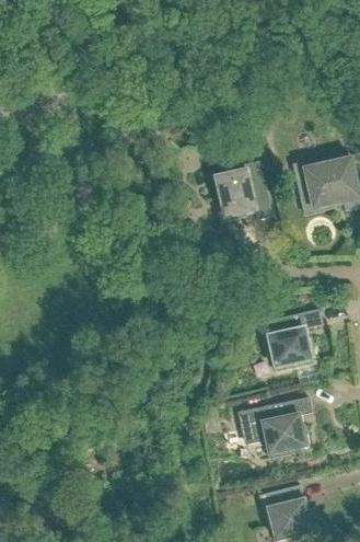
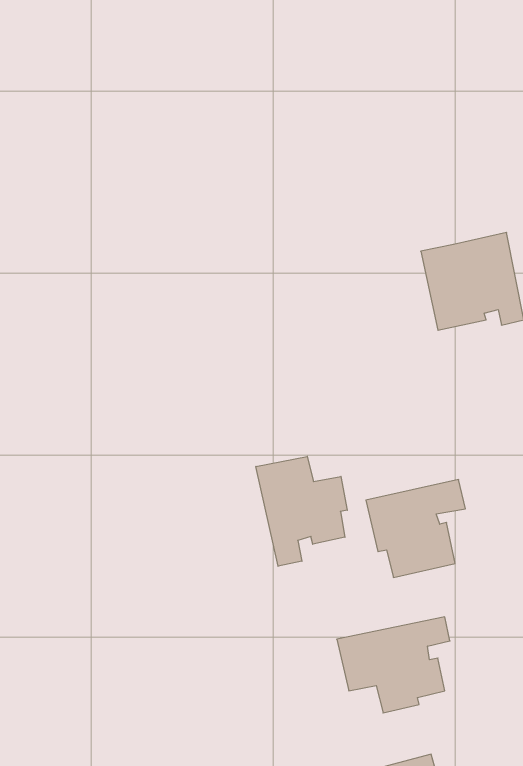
building: [214,159,271,220] -> none
building: none -> [256,456,347,566]

